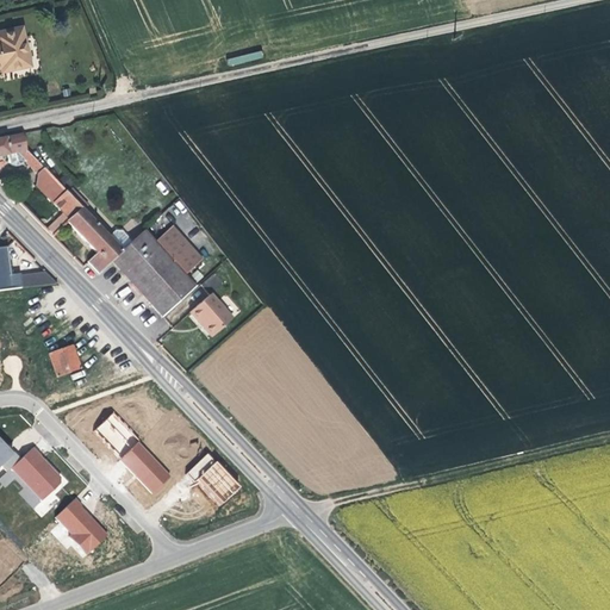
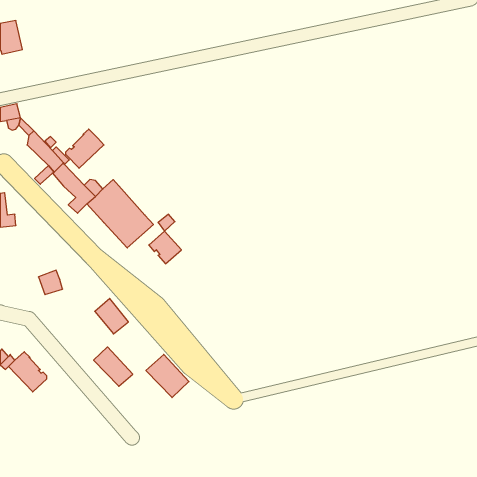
building: none -> [66,129,104,168]
building: [156,225,204,274] -> none
building: [97,410,139,455] -> [95,298,128,334]
building: [56,498,107,554] -> none

